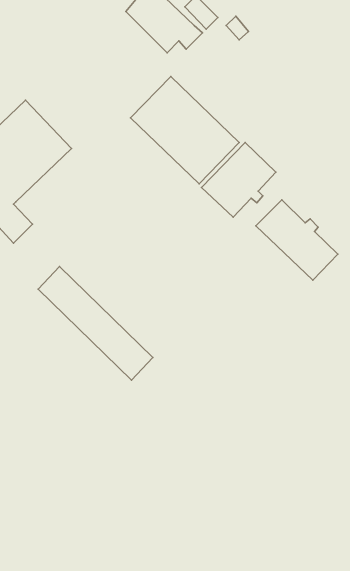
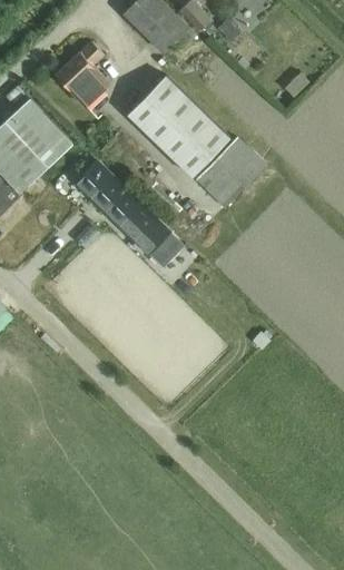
building: none -> [55,42,109,107]
building: [256,200,338,280] -> none
building: [38,267,153,380] -> [75,161,183,268]

